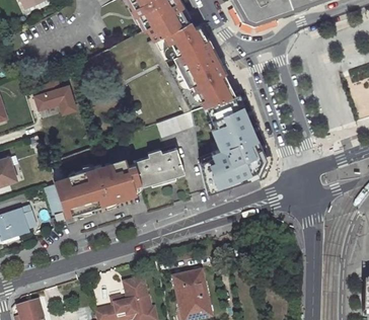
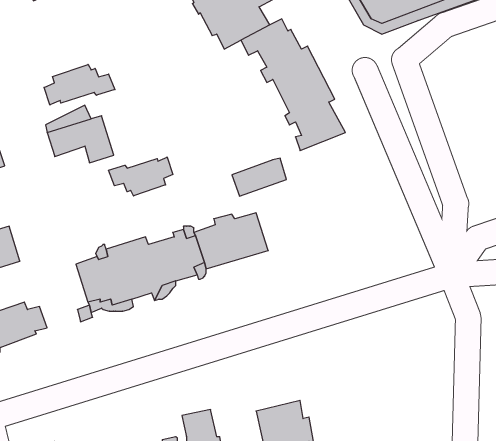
building: none -> [44,64,115,105]
building: [199,91,265,190] -> none
building: none -> [109,157,173,196]

